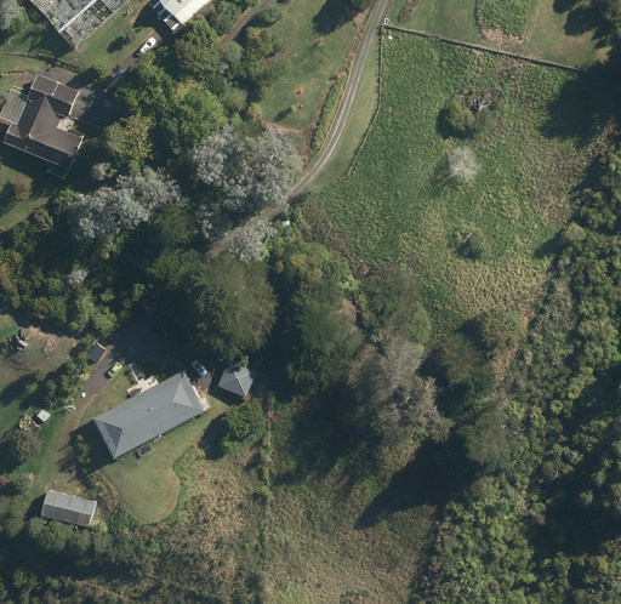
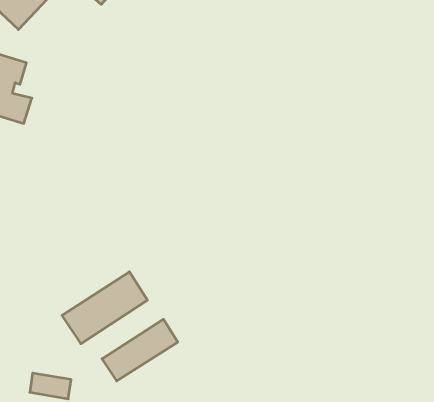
building: [218,359,256,395] -> none
building: none -> [102,319,178,381]

